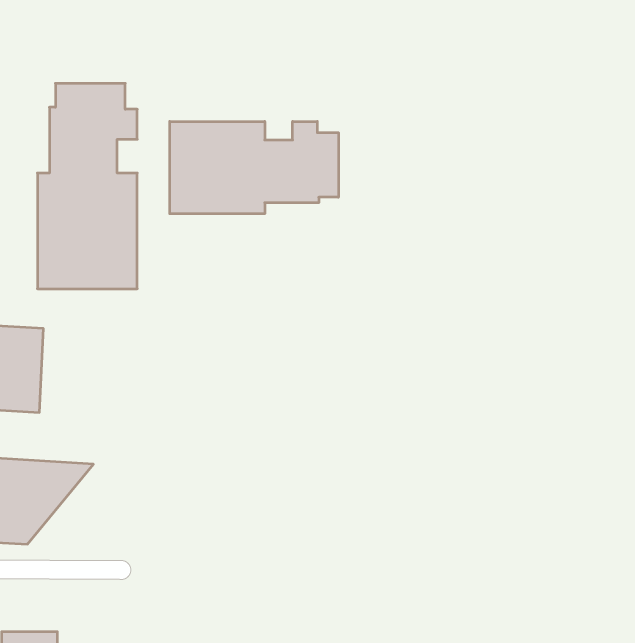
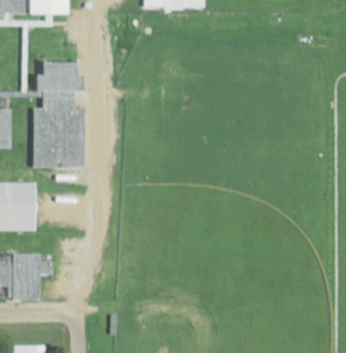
building: [170,121,338,214] -> none

